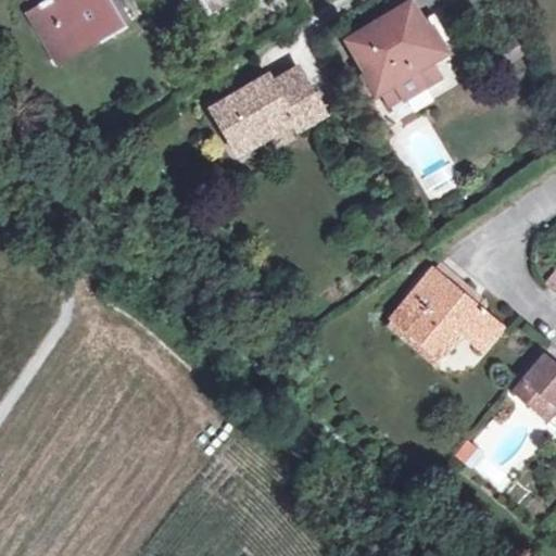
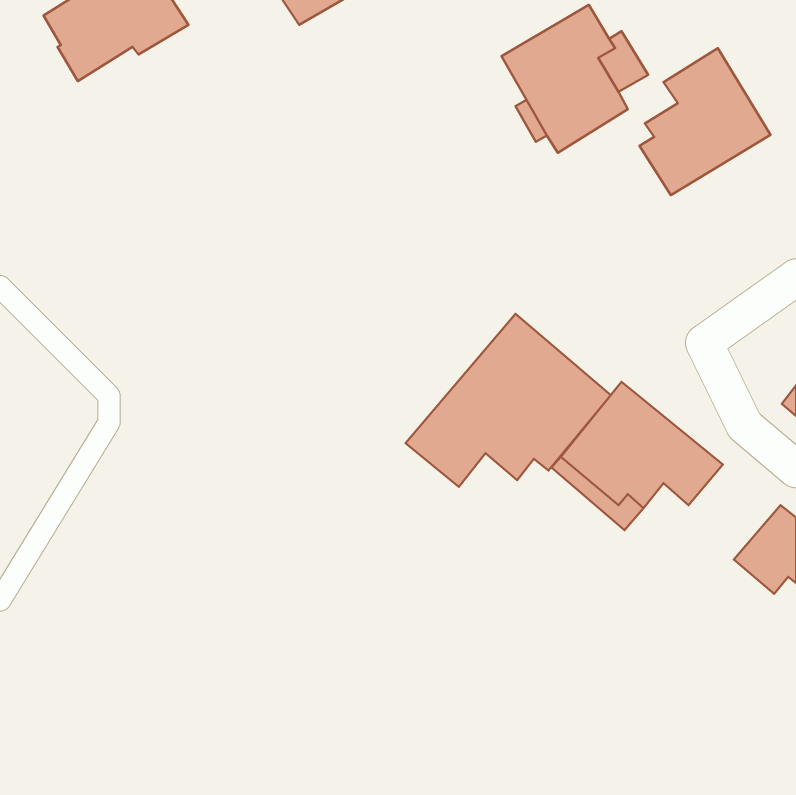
building: none -> [639,48,770,195]
building: [215,66,324,148] -> none
building: none -> [406,314,611,487]

